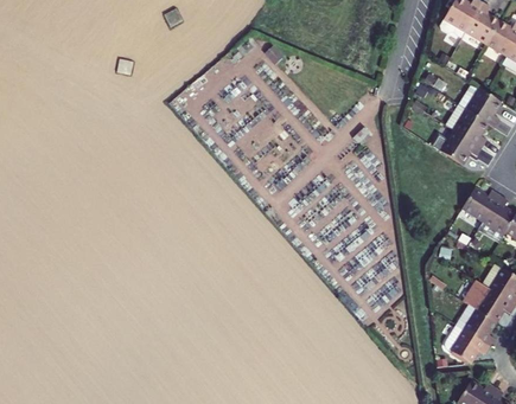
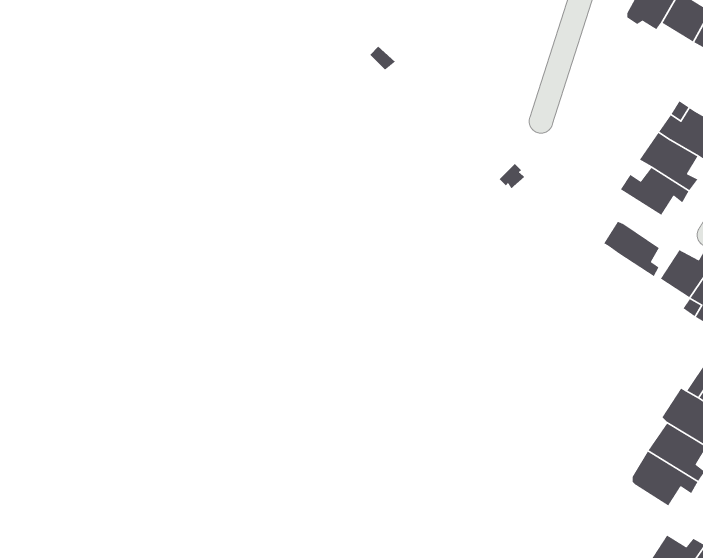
building: none -> [603,221,660,277]

